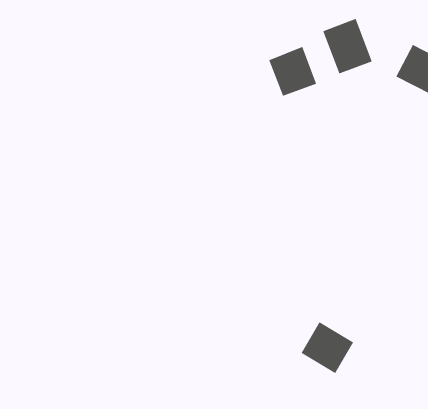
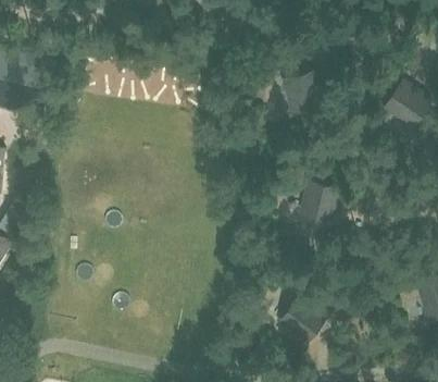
building: [322,18,373,75] -> none
building: none -> [298,183,336,222]

